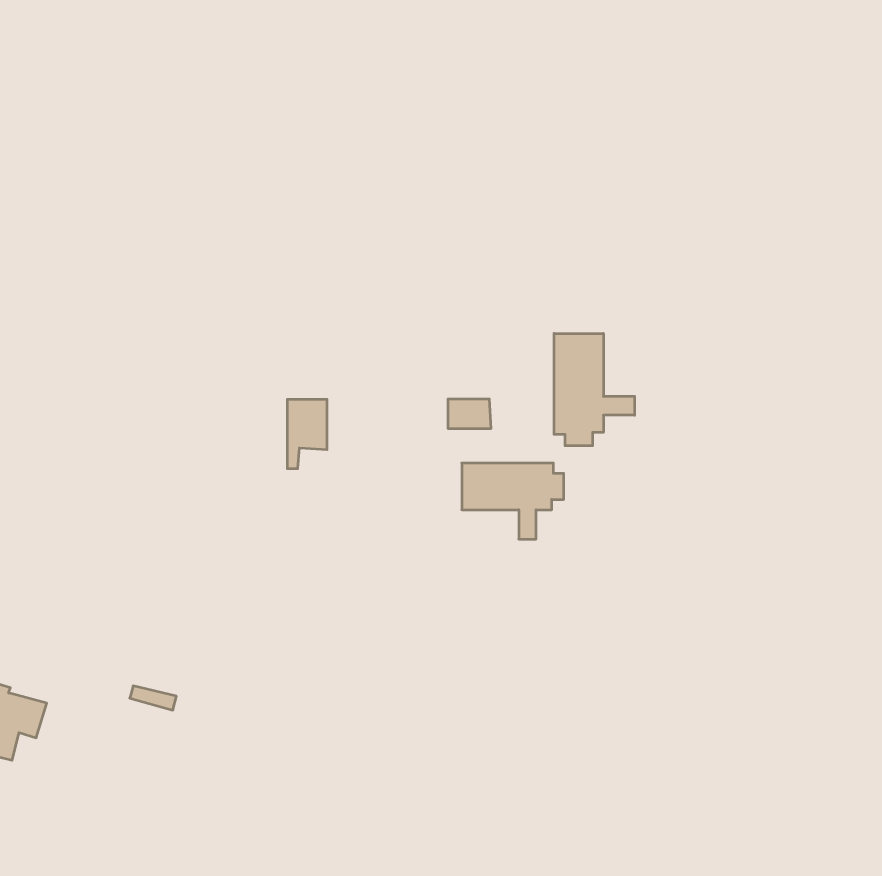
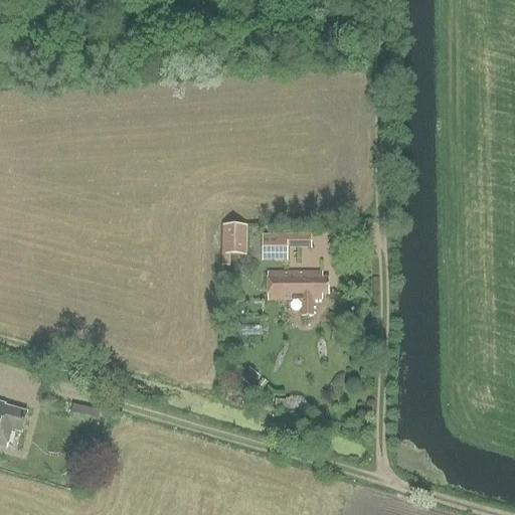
building: [554,333,635,446] -> none
building: [287,399,327,469] -> [222,223,245,264]

